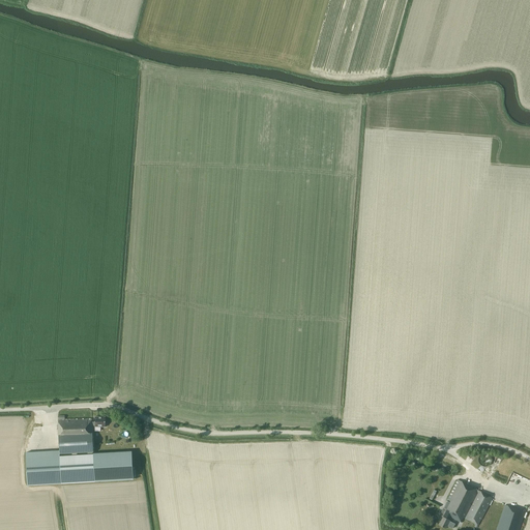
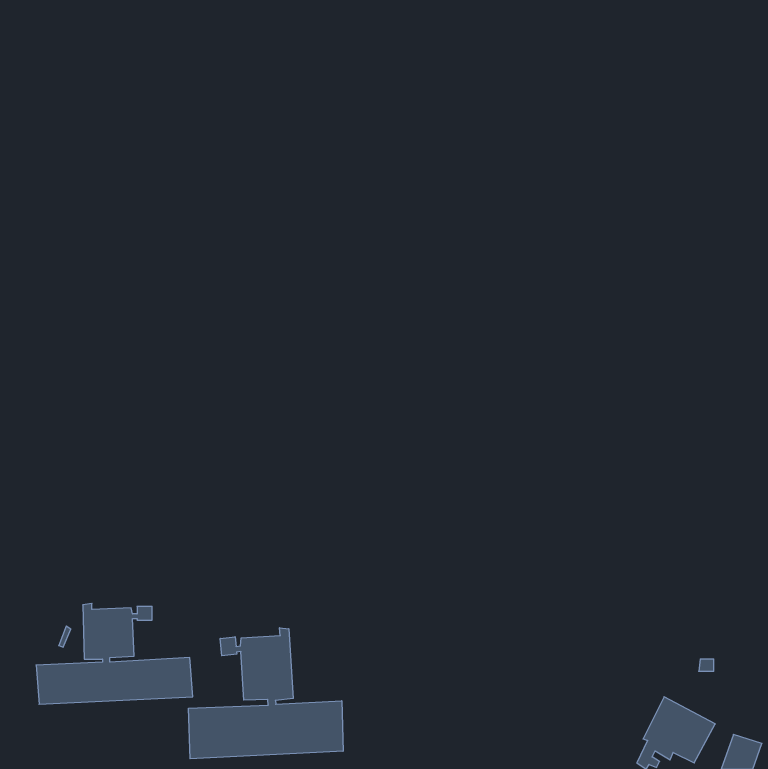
building: none -> [189,628,343,759]

